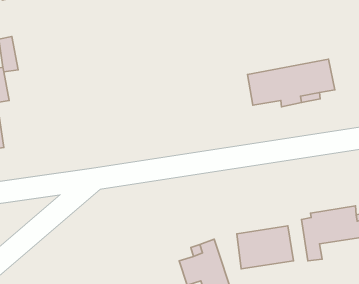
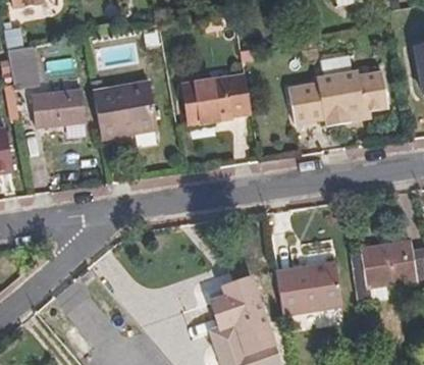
building: none -> [183,75,252,124]
building: none -> [93,83,157,140]
building: none -> [31,88,84,127]

